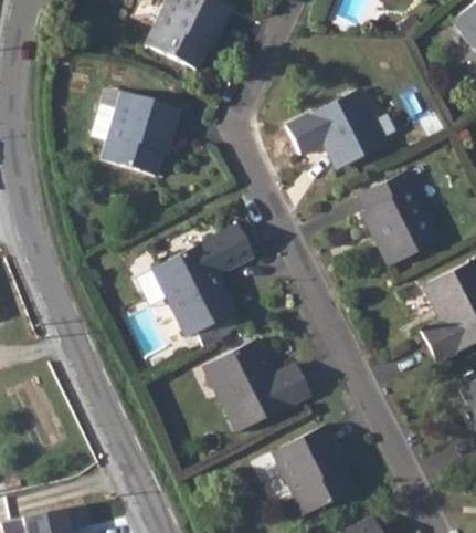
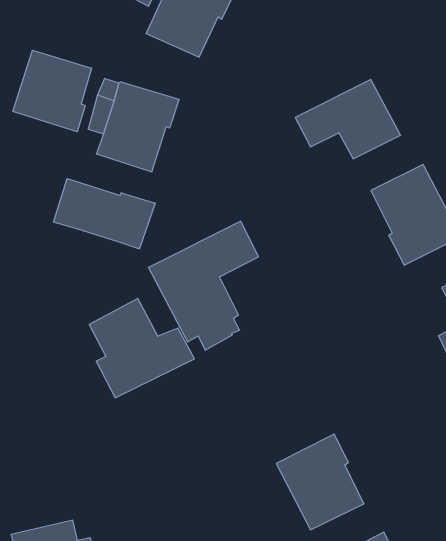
building: none -> [13,50,92,132]
building: none -> [54,179,155,249]
building: [213,338,311,431] -> [89,299,194,398]

